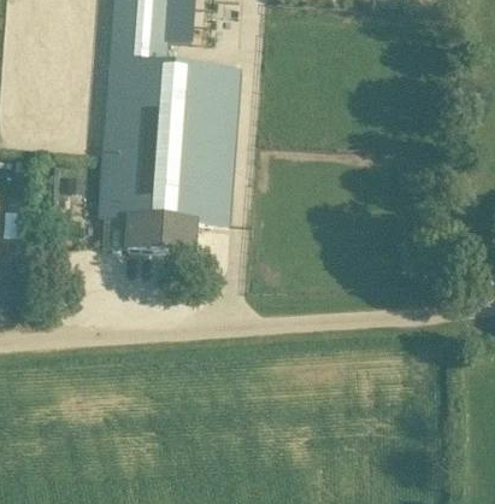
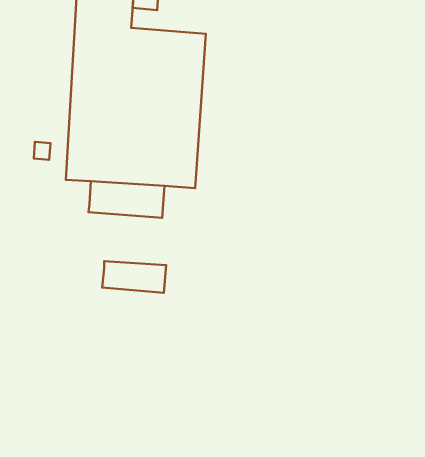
building: none -> [102,261,166,293]

